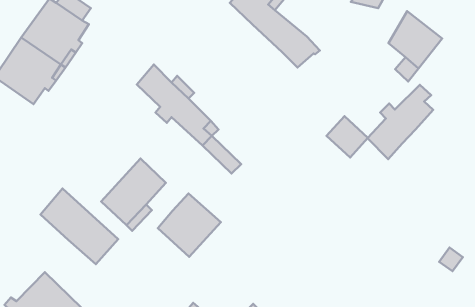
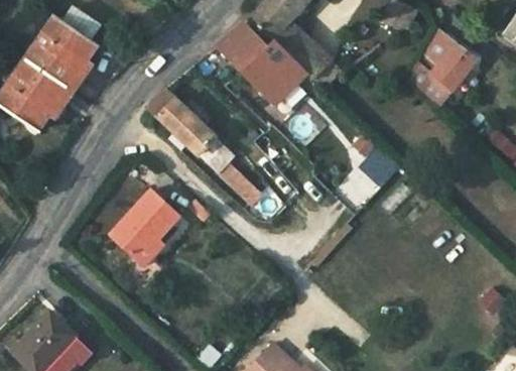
building: none -> [219,24,304,110]
building: [367,85,433,159] -> none
building: [40,188,118,264] -> none
building: [158,193,221,257] -> none

